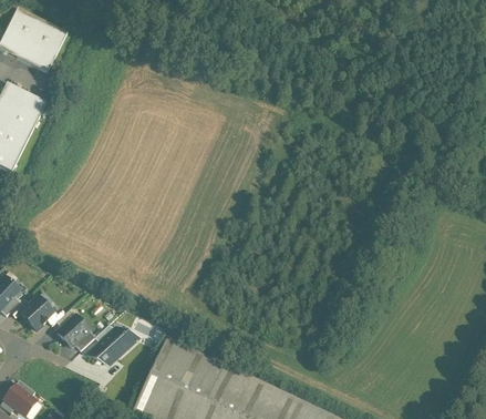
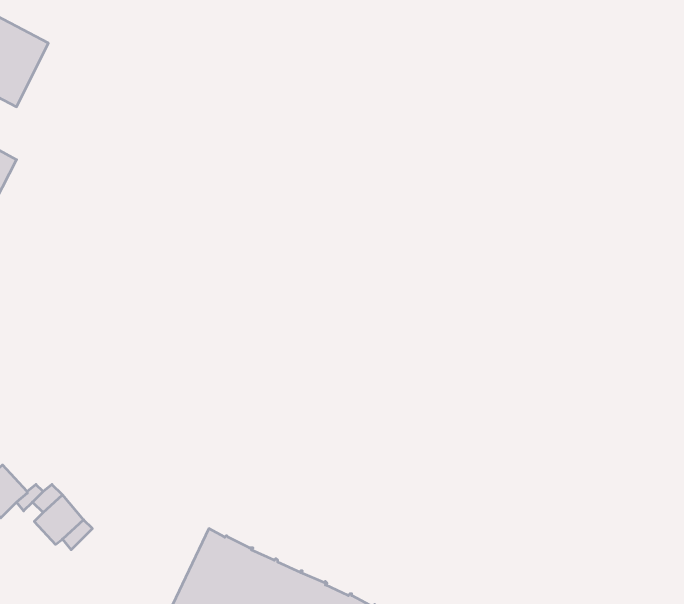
building: [87,327,137,366] -> none

